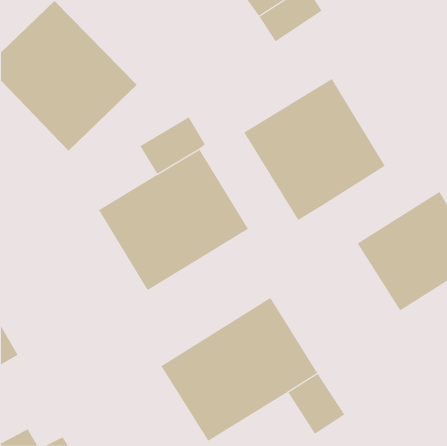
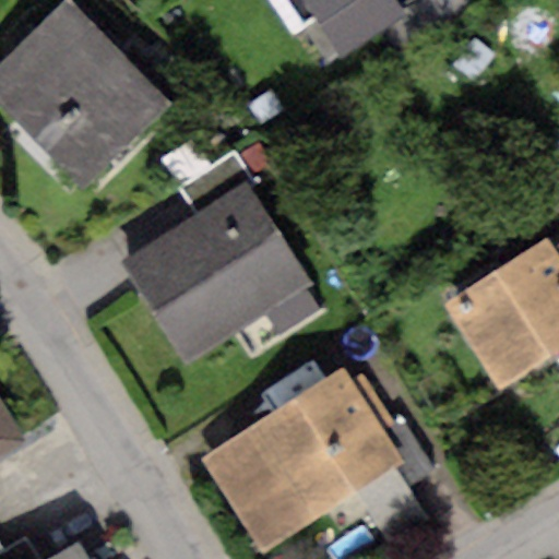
building: [244,78,386,221] -> none

